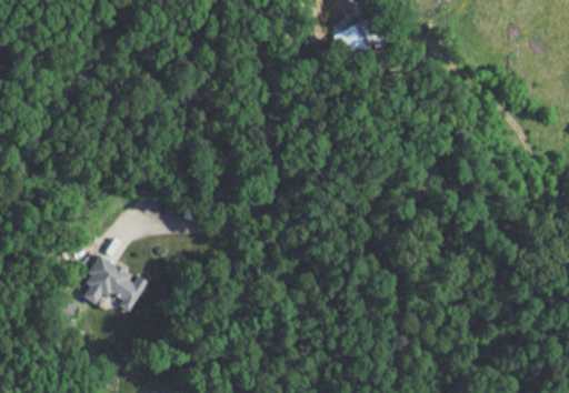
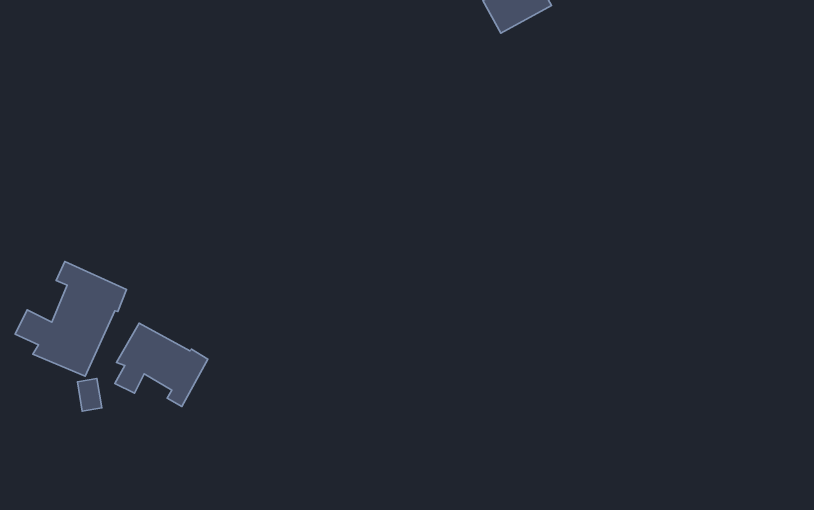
building: none -> [15,262,127,376]

